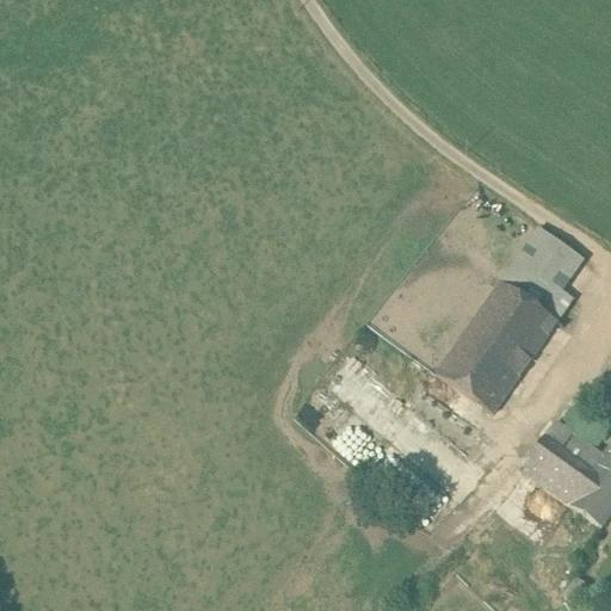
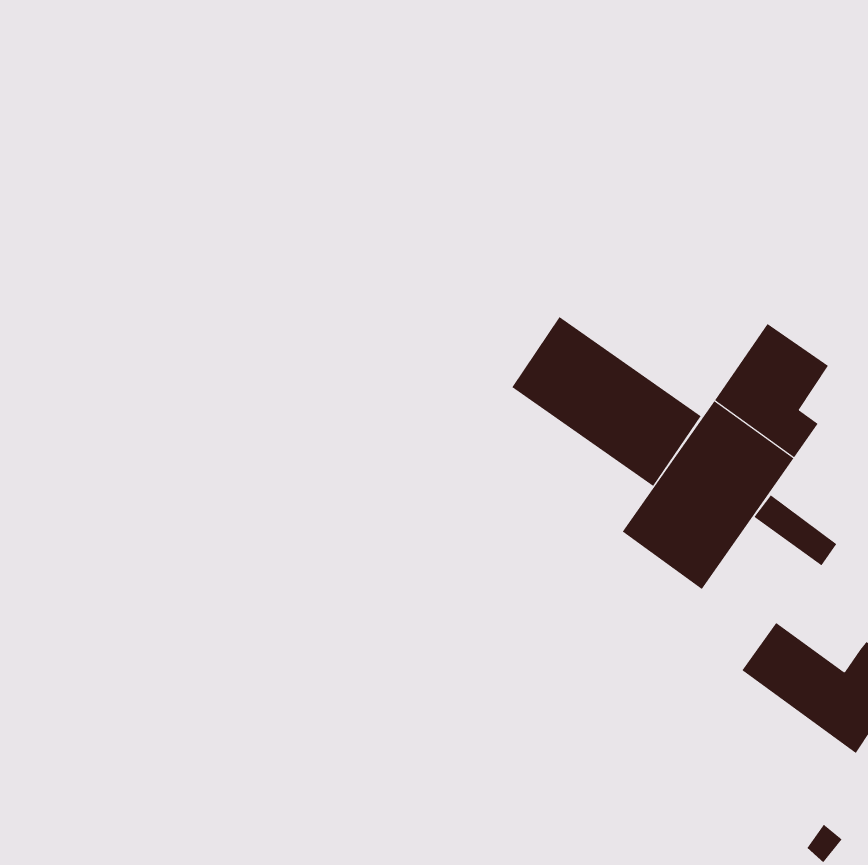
building: none -> [512,316,701,487]
building: [545,419,604,469] -> [753,495,837,566]

